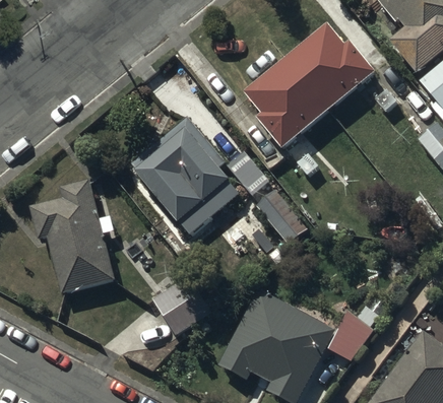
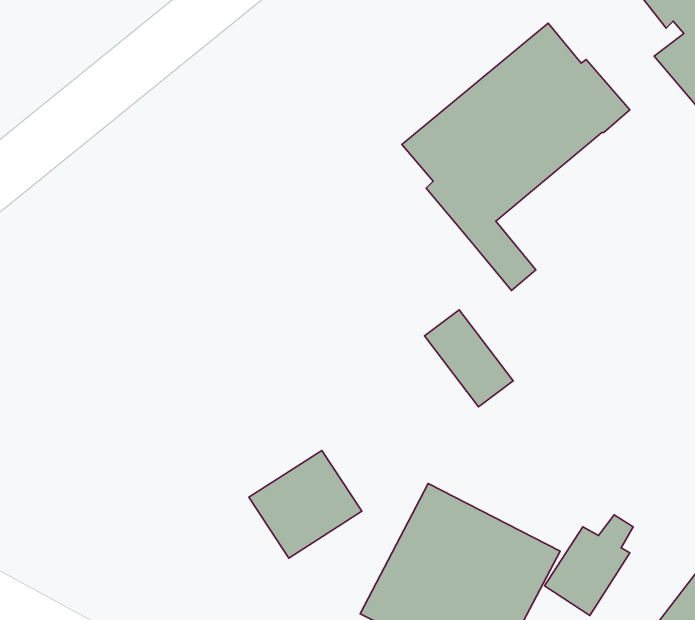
building: [131,115,242,236] -> none
building: [29,179,114,293] -> none

